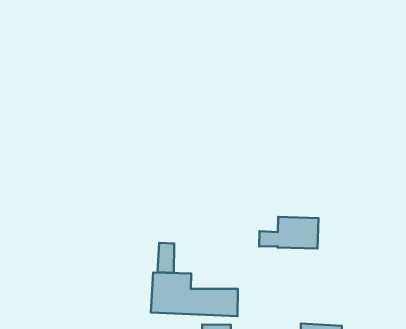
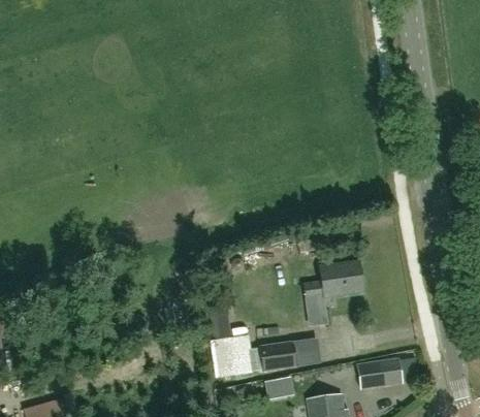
building: none -> [305,294,328,325]
building: none -> [293,338,321,366]

